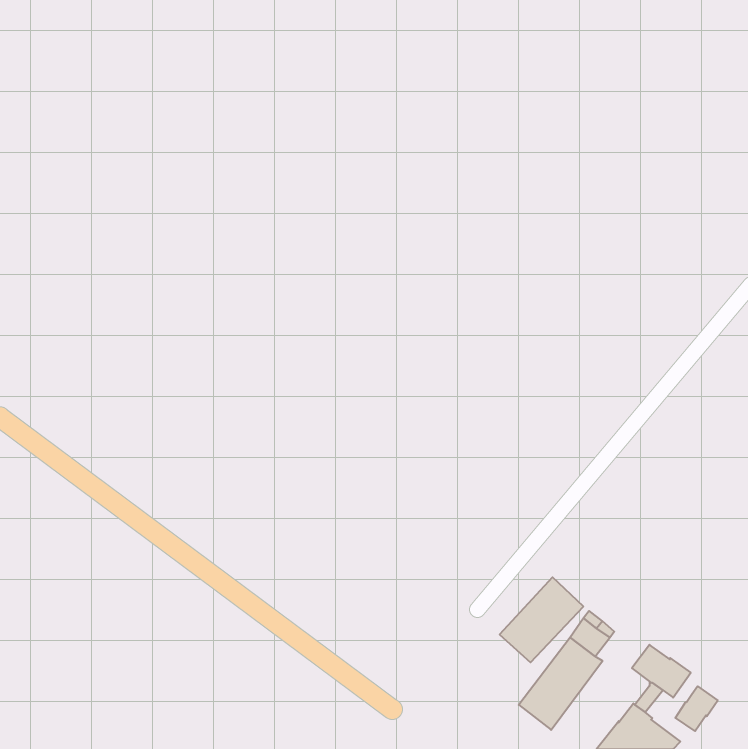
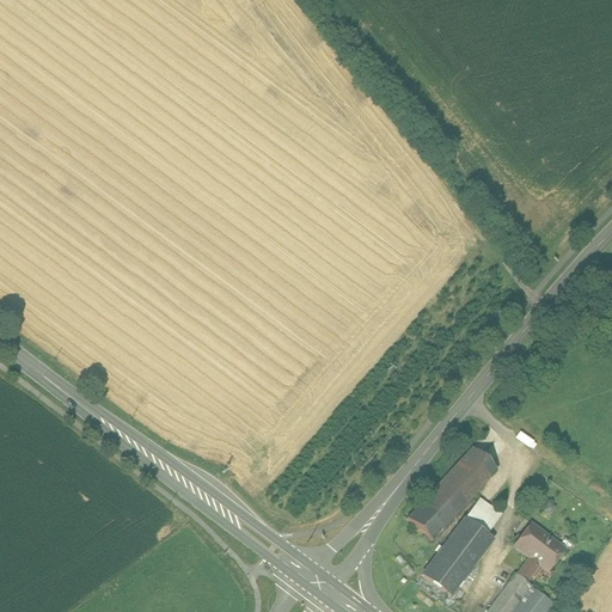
building: none -> [452,446,498,494]
building: [675,686,718,731] -> none

